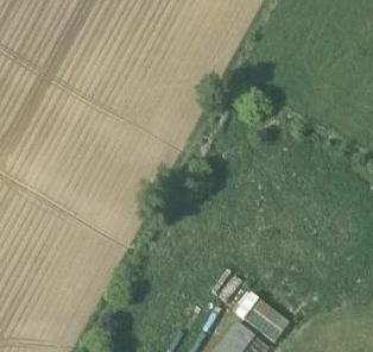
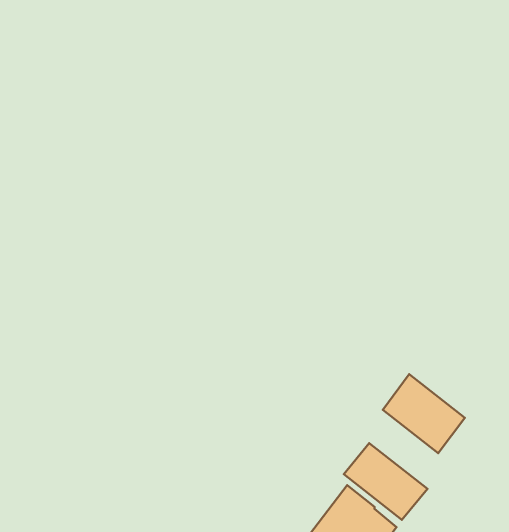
building: none -> [383,374,465,453]

